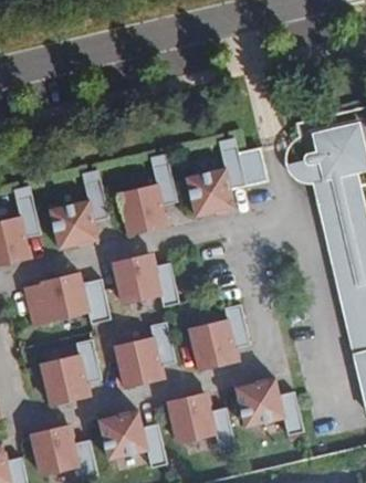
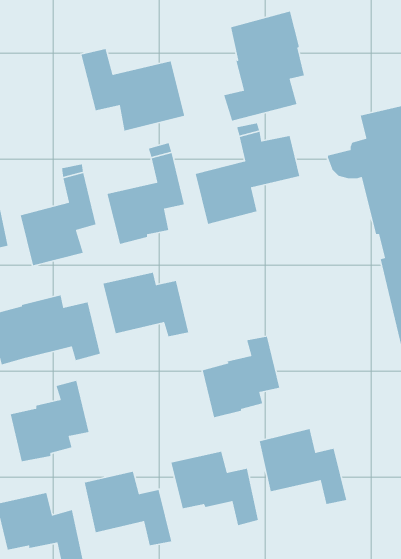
building: none -> [223,11,305,121]
building: none -> [80,48,185,131]
building: [114,321,176,386] -> none

